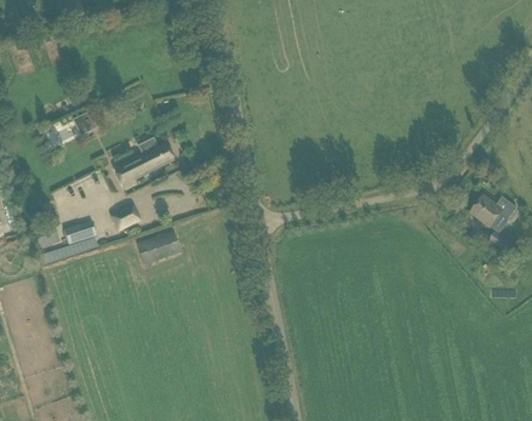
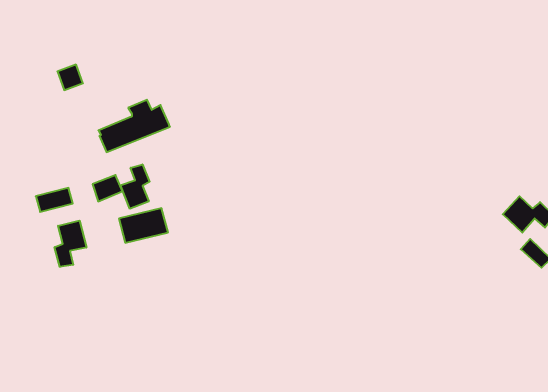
building: none -> [120,164,150,209]
building: none -> [55,221,86,267]

